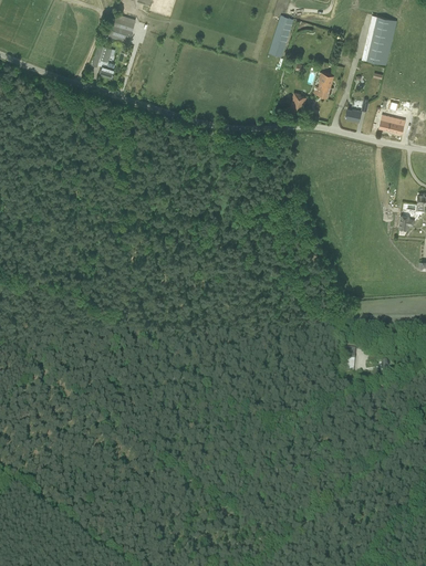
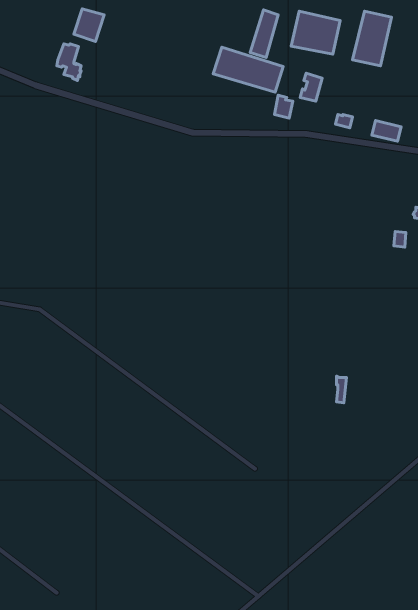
building: none -> [291,11,340,54]
building: none -> [213,47,283,92]

